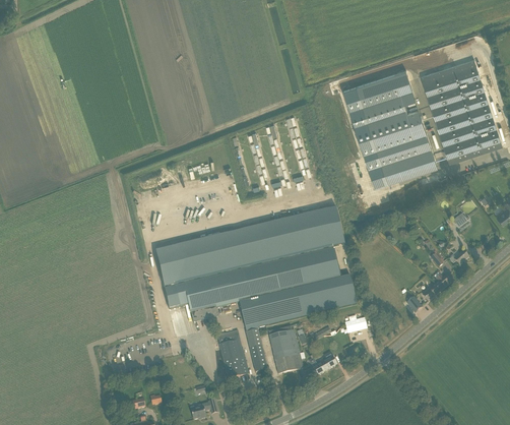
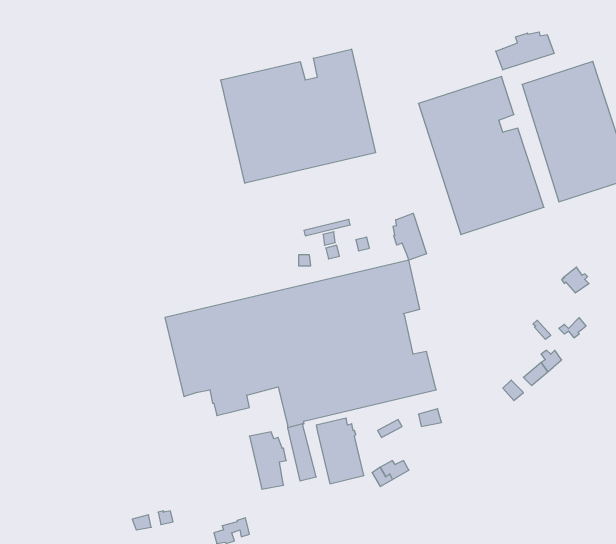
building: none -> [496,32,554,70]
building: none -> [221,49,375,183]
building: none -> [393,213,426,260]

